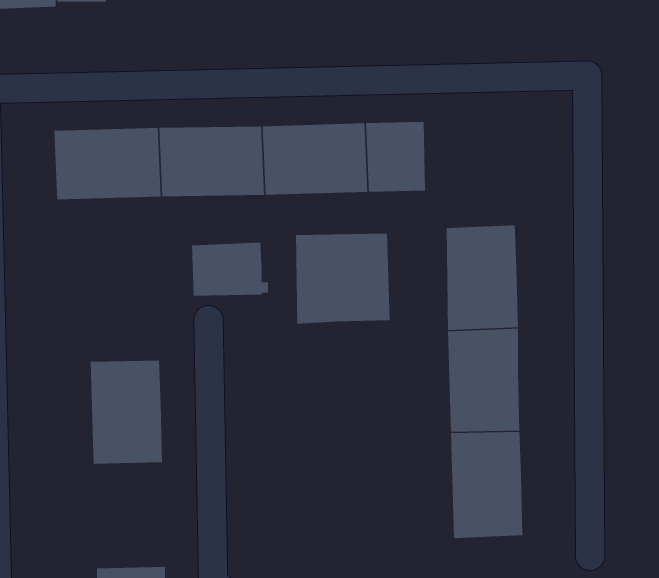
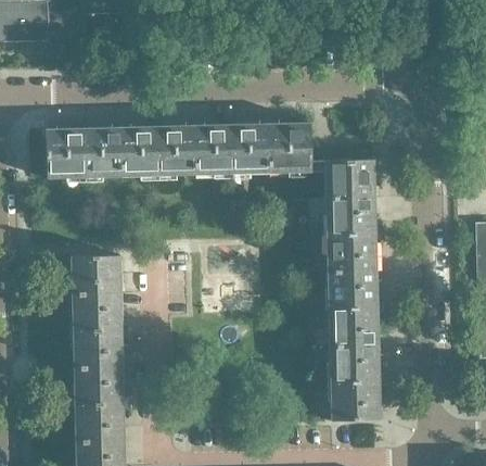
building: none -> [323,159,379,198]
building: [295,233,390,325] -> none
building: [191,242,269,297] -> [69,254,125,293]
building: none -> [73,366,125,441]

